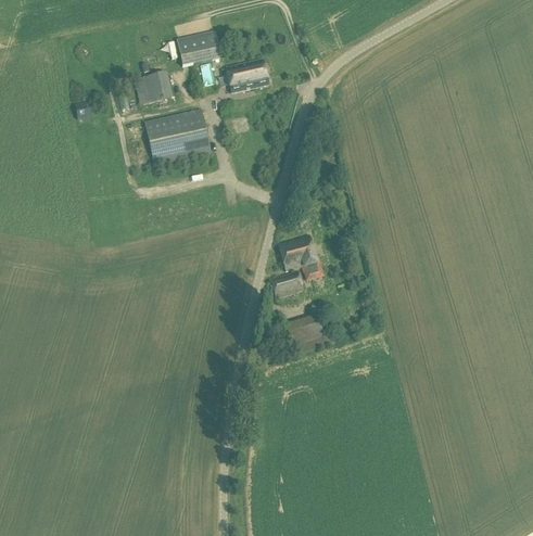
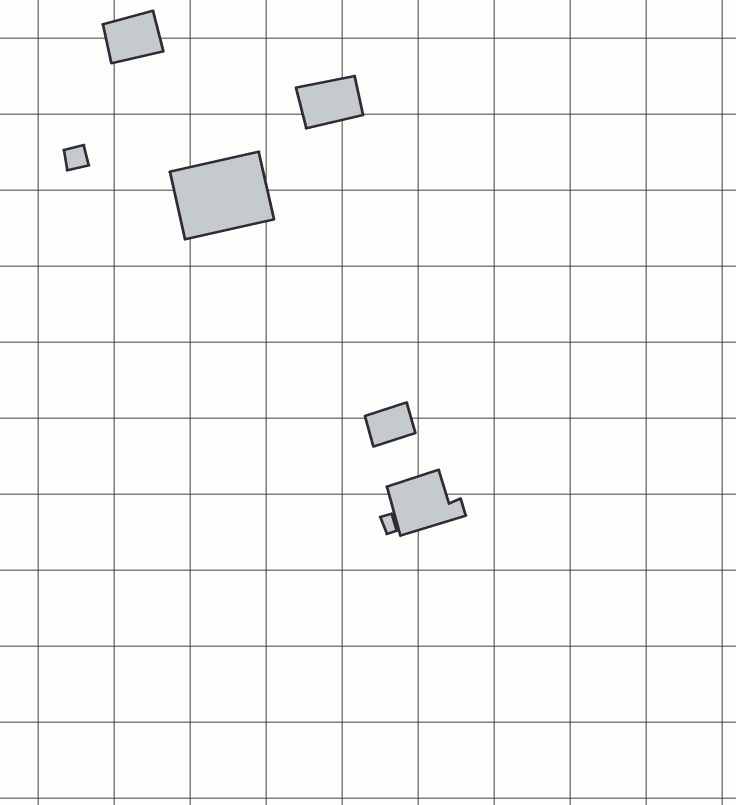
building: [180,29,225,61] -> none
building: [135,72,174,105] -> [103,11,163,63]
building: [279,235,321,278] -> none

